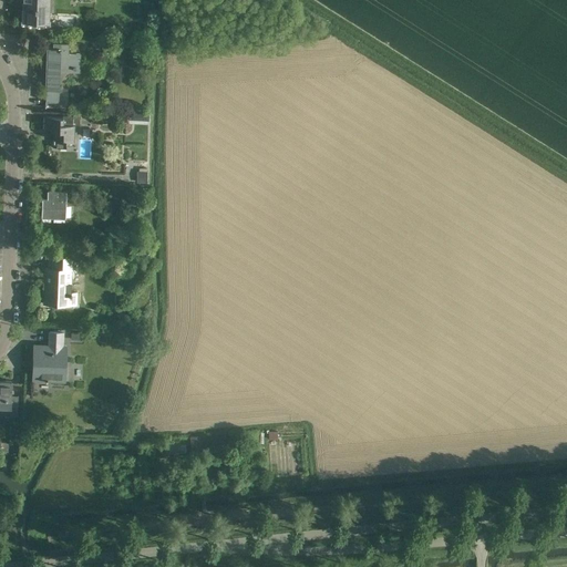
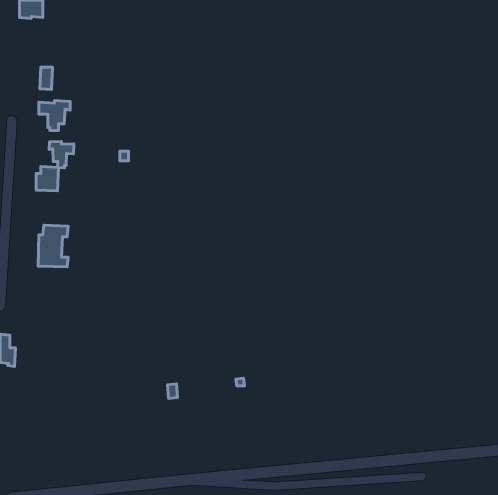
building: [47,45,80,80] -> none
building: none -> [49,142,74,168]
building: [32,334,65,388] -> none

